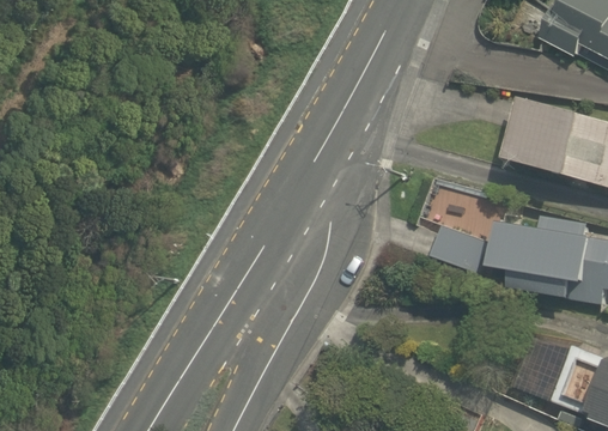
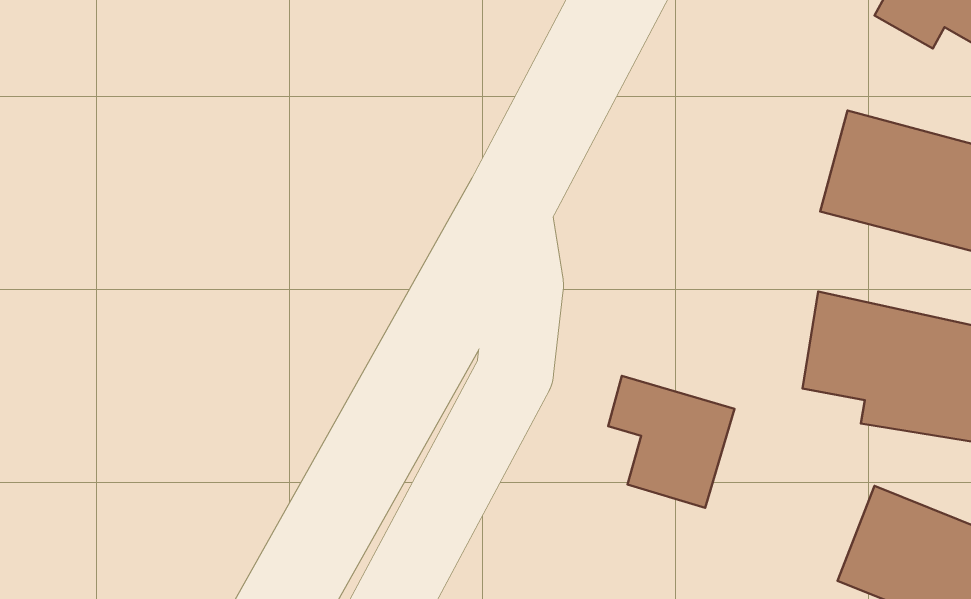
building: [425,192,503,273] -> [608,376,734,508]

